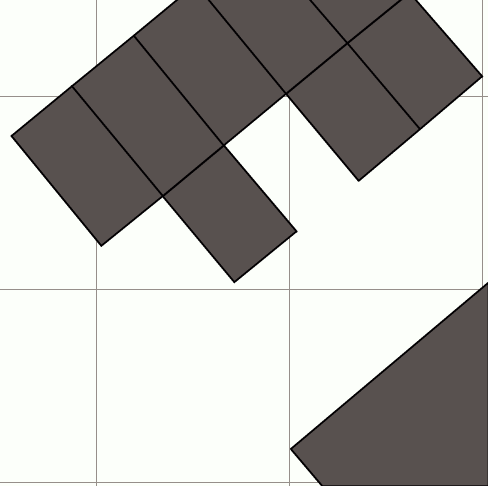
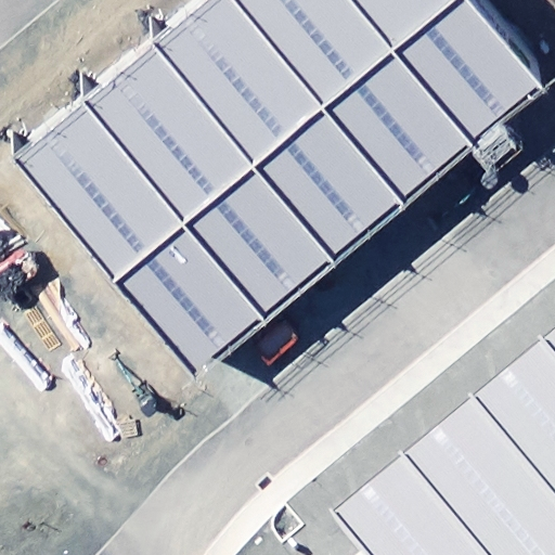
building: none -> [255,106,408,262]
building: none -> [116,222,267,377]

